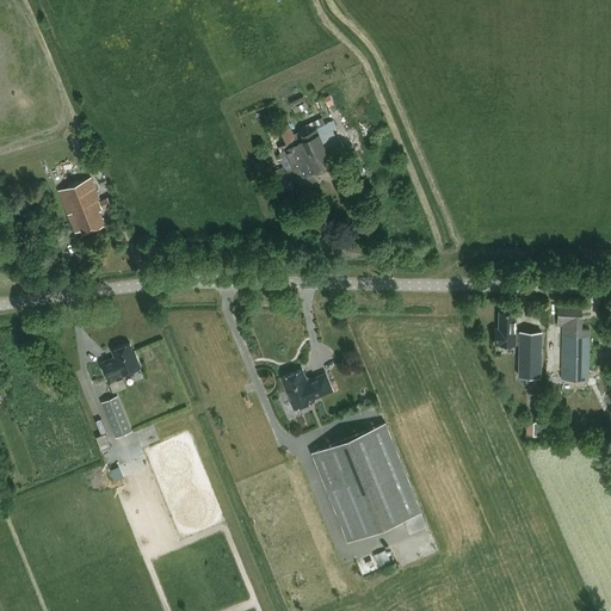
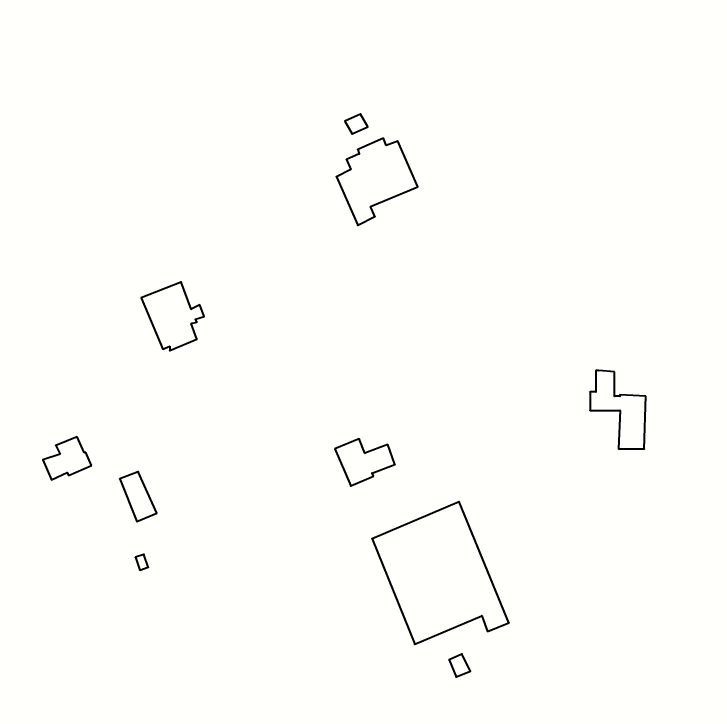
building: [57,181,110,239] -> [141,282,204,351]
building: [556,308,588,382] -> none
building: [99,345,140,381] -> [43,437,91,480]

